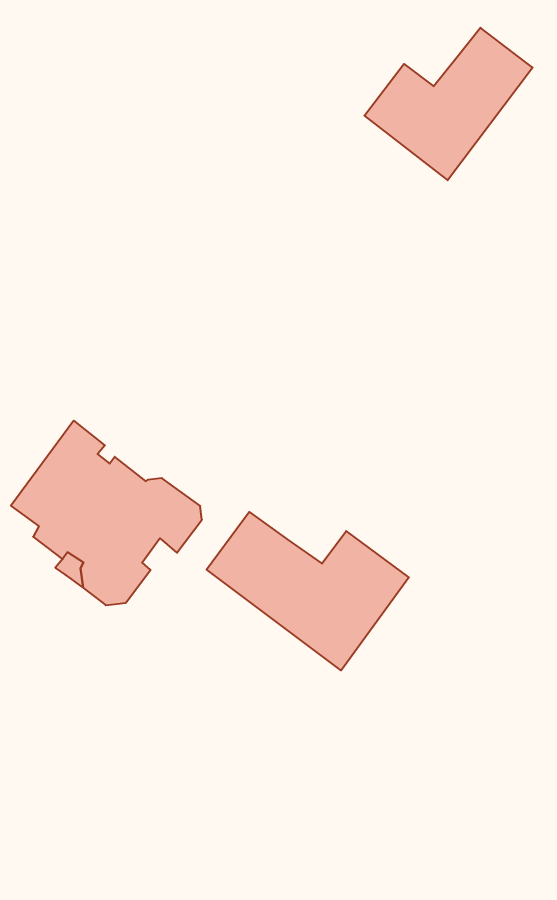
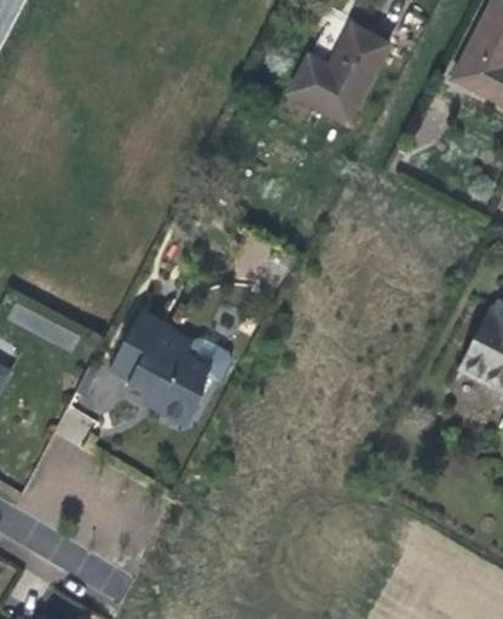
building: [207,512,409,670] -> none

